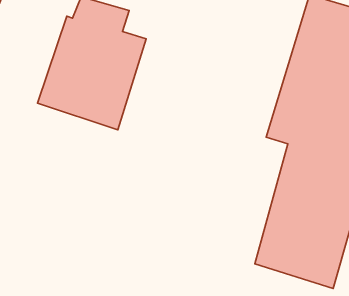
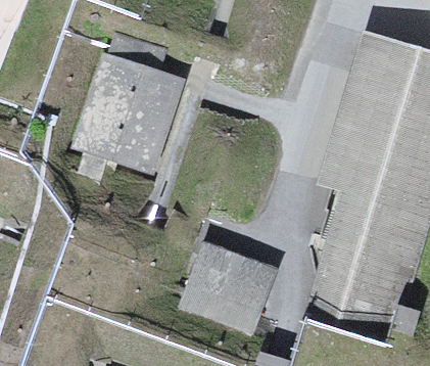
building: none -> [178,241,276,336]

